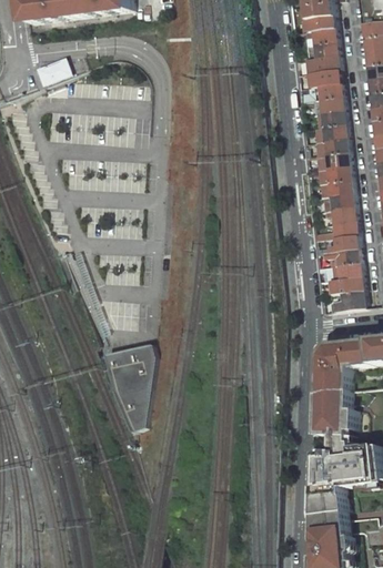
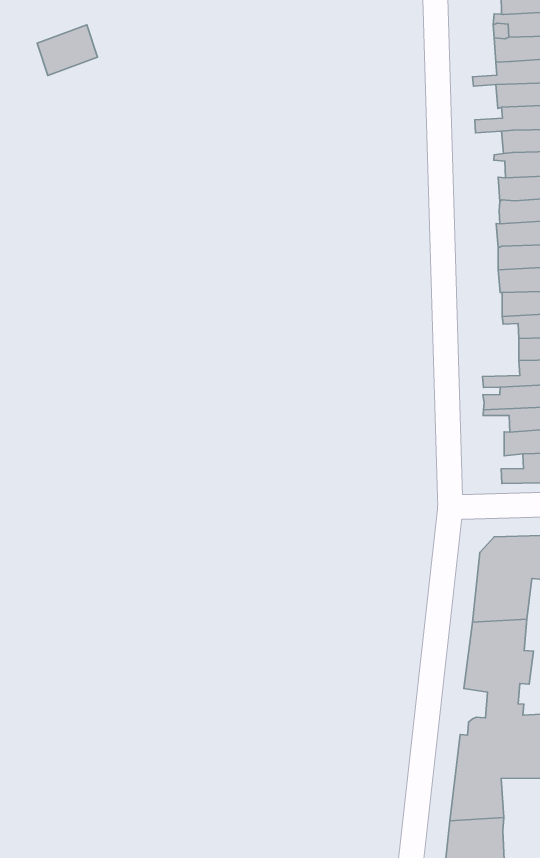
building: [108,342,154,434] -> none

